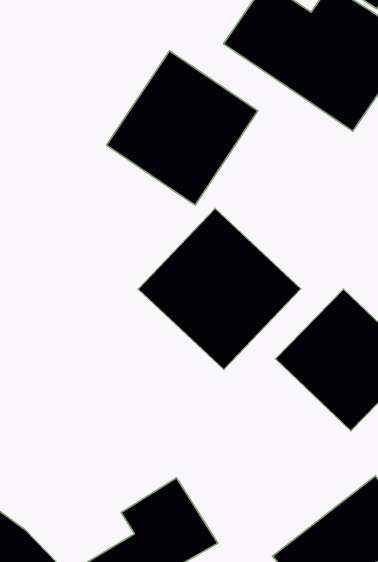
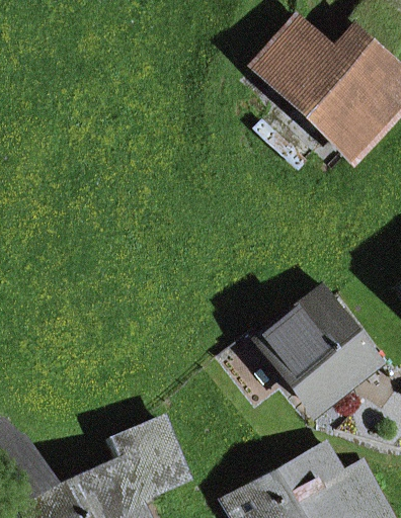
building: [107,51,258,205] -> none
building: [138,209,301,370] -> none

